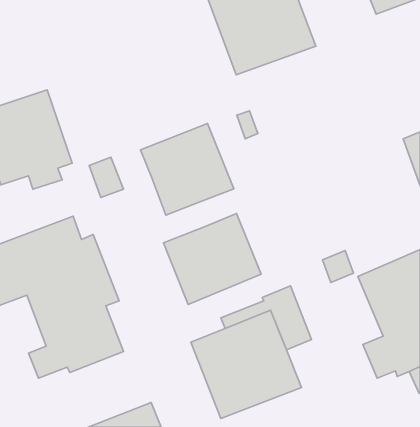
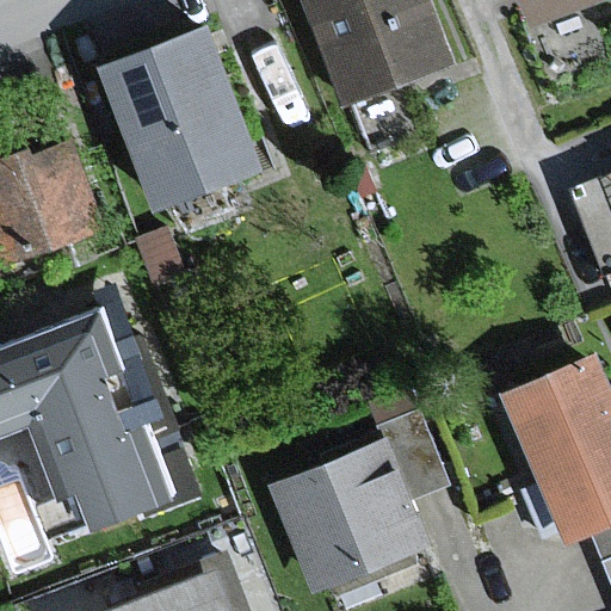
building: none -> [99,25,266,212]
building: [141,124,234,215] -> none
building: [164,214,261,304] -> none

